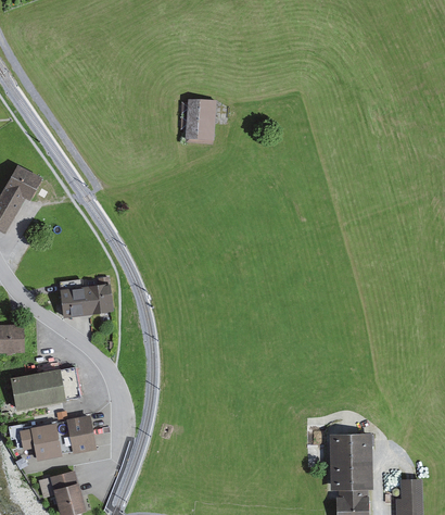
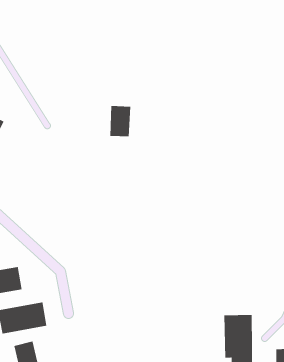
building: [189,102,217,143] -> [110,106,131,137]
building: [60,285,111,317] -> none

